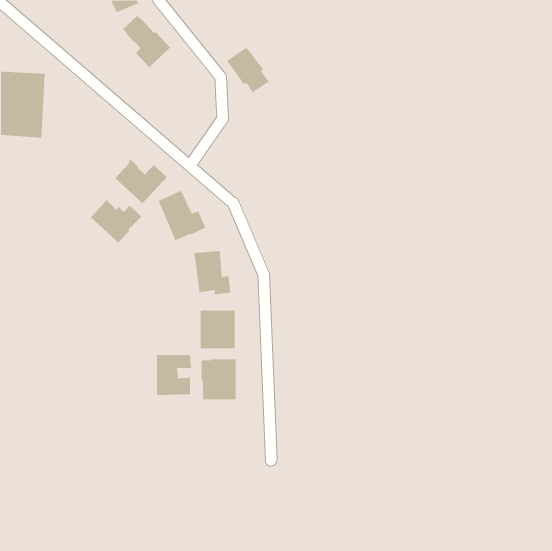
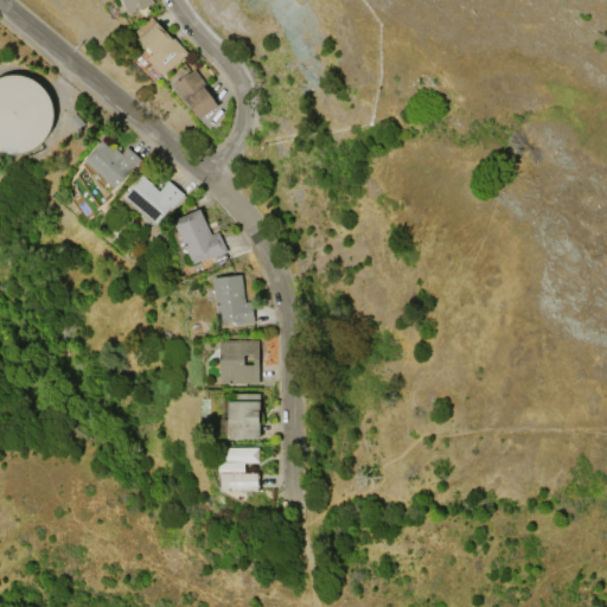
building: [226,47,270,93] -> [172,70,219,121]
building: [90,199,142,244] -> [84,141,141,190]
building: [156,354,192,396] -> [221,448,260,493]

